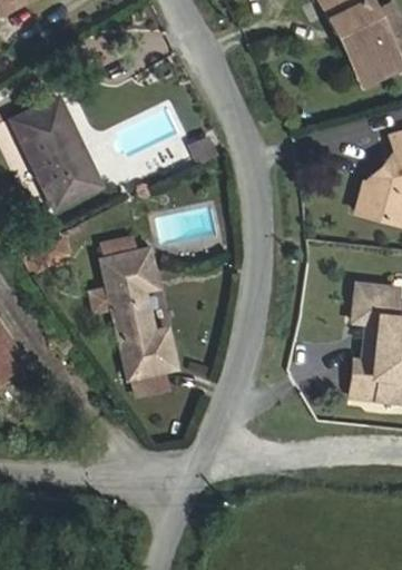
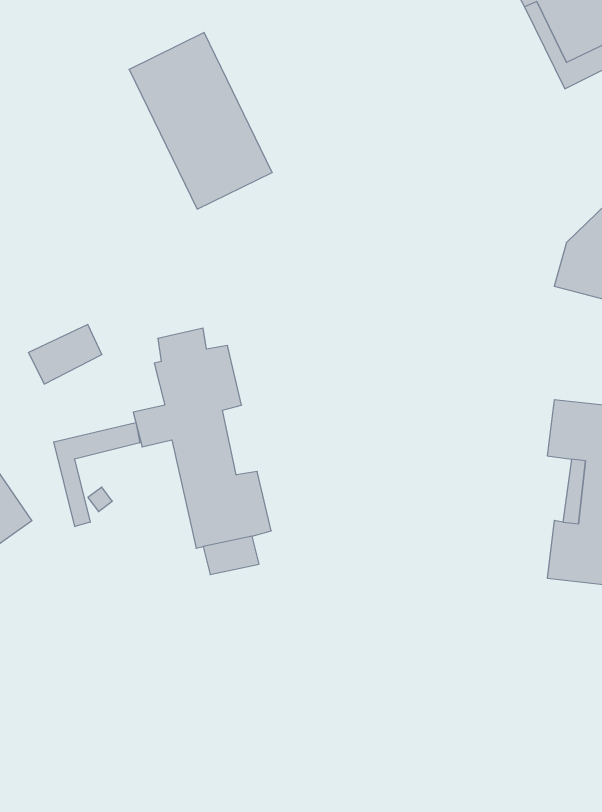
building: [11,97,102,209] -> [129,33,272,209]
building: none -> [54,422,140,527]

